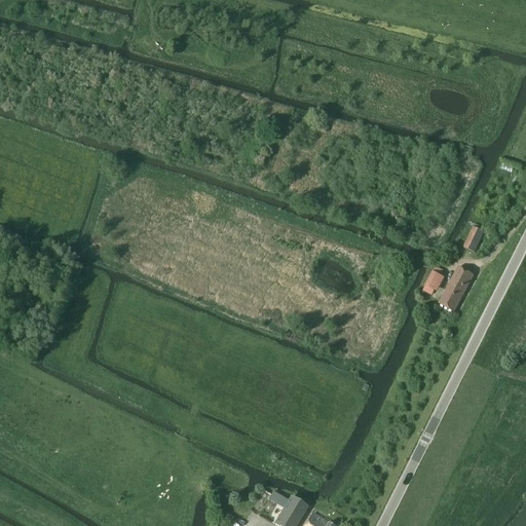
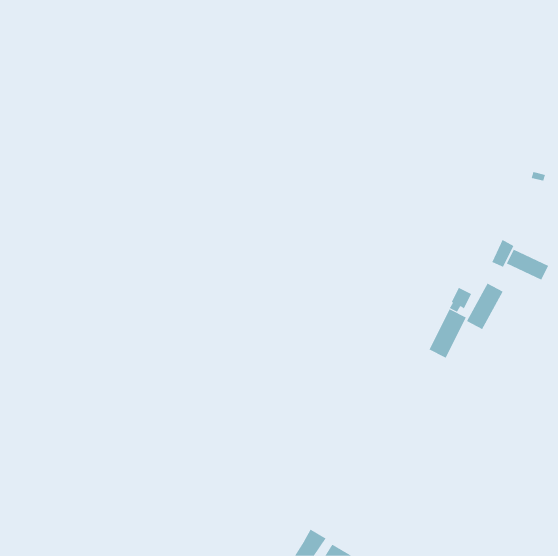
building: none -> [506,249,549,281]
building: none -> [429,308,466,358]

